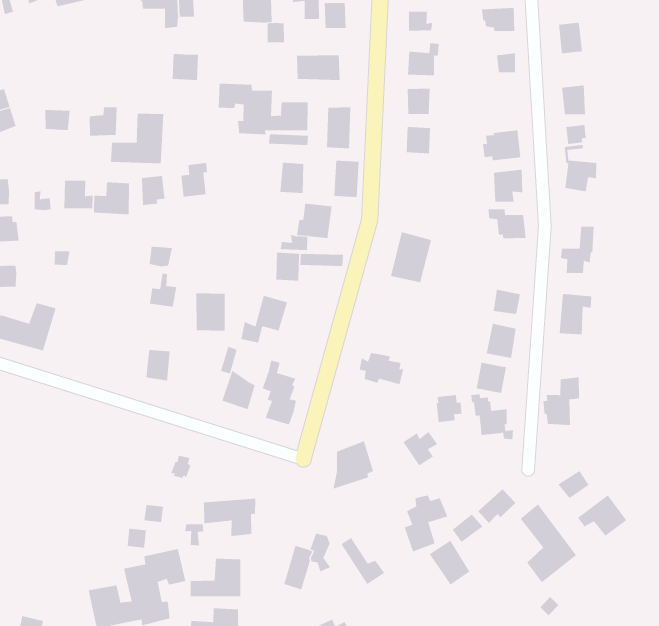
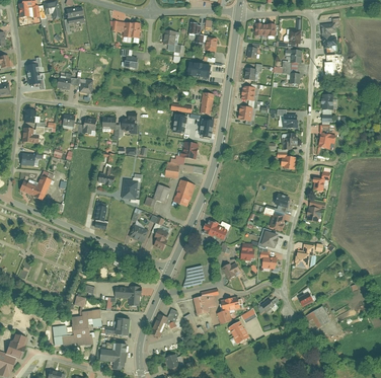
building: [218,83,308,135] -> none
building: [110,113,164,164] -> none
building: [390,231,432,283] -> [172,179,196,207]
building: none -> [194,288,219,315]
building: [520,503,577,583] -> none

